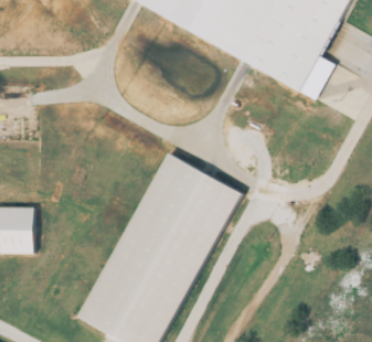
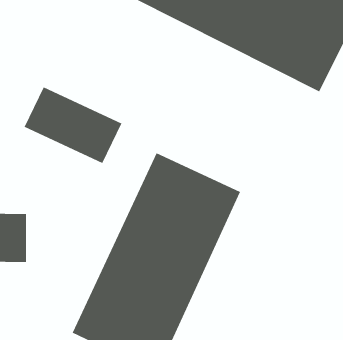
building: none -> [24,86,122,164]

